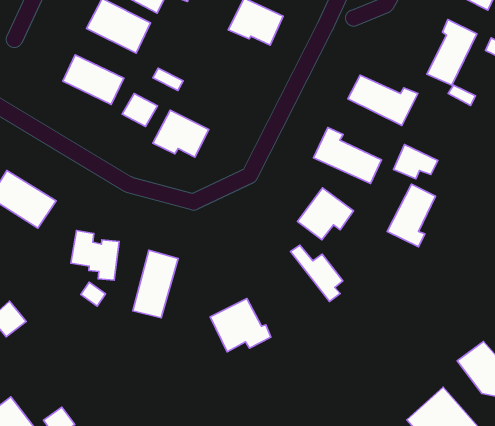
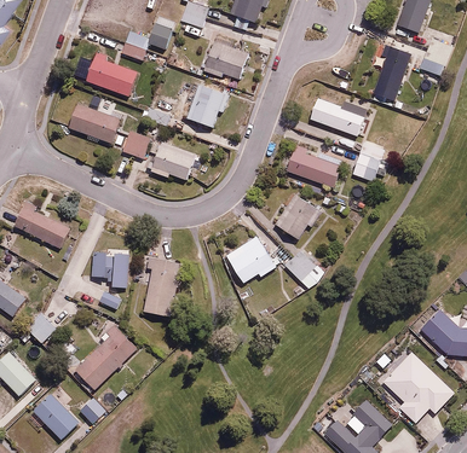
building: none -> [186,82,229,126]
building: [387,184,436,247] -> none
building: [210,299,271,352] -> [226,237,278,283]
building: none -> [71,323,137,394]

